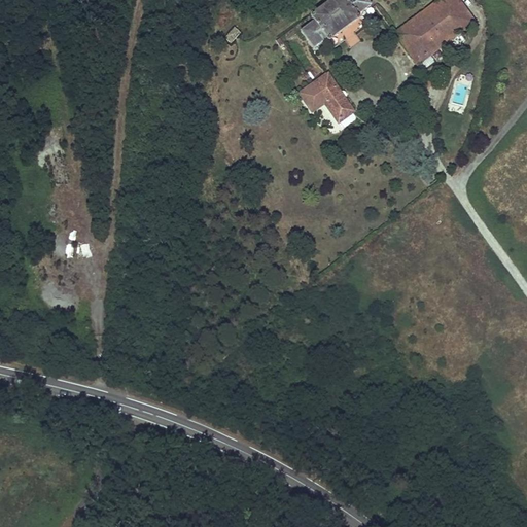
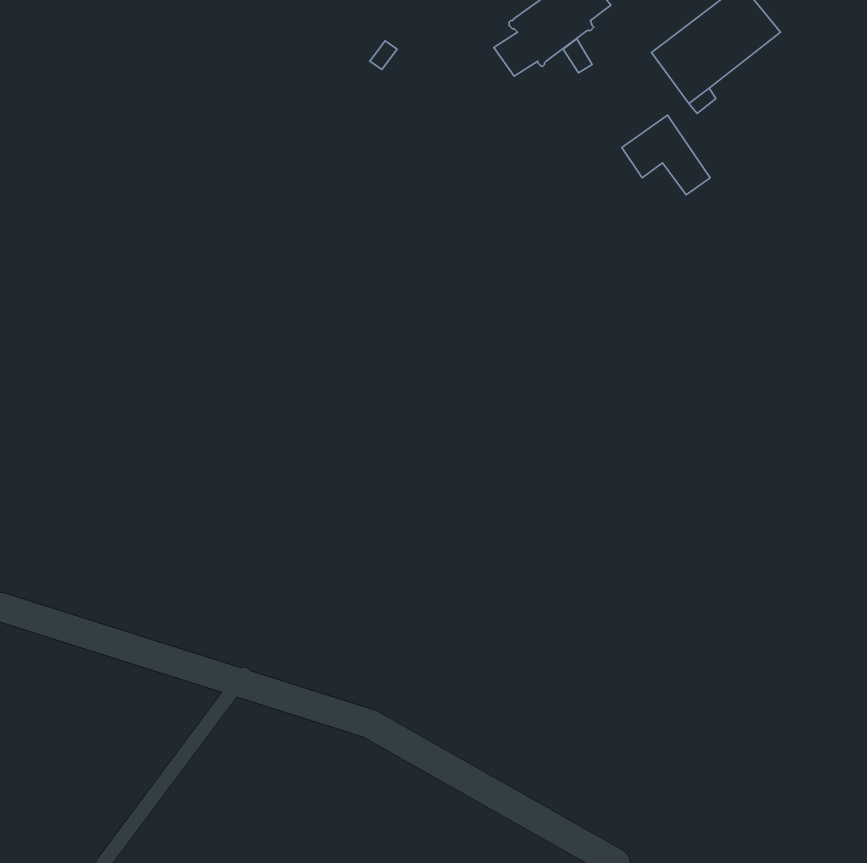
building: [298,72,352,120] -> [622,115,710,195]

